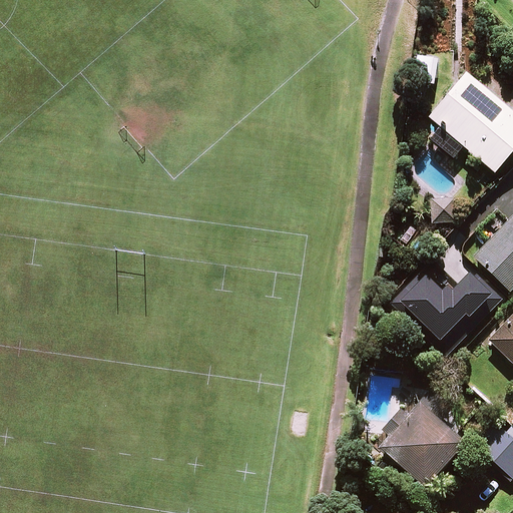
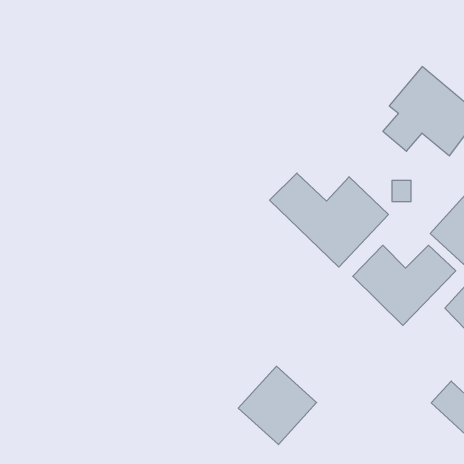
building: none -> [270,173,388,267]
building: [381,399,467,485] -> [238,366,317,445]

